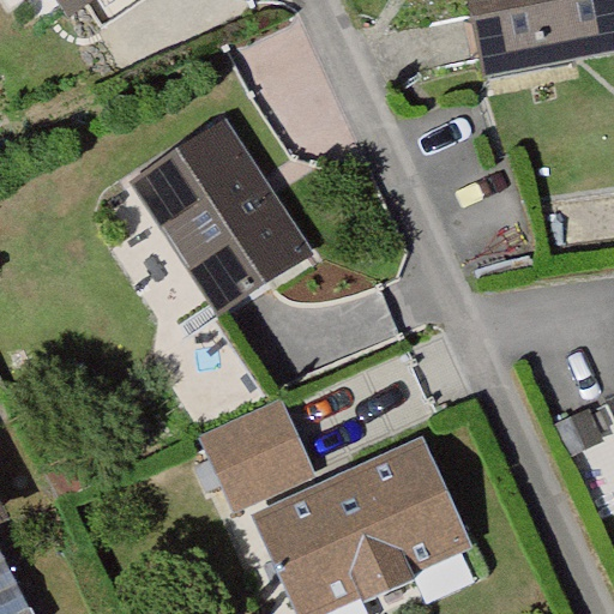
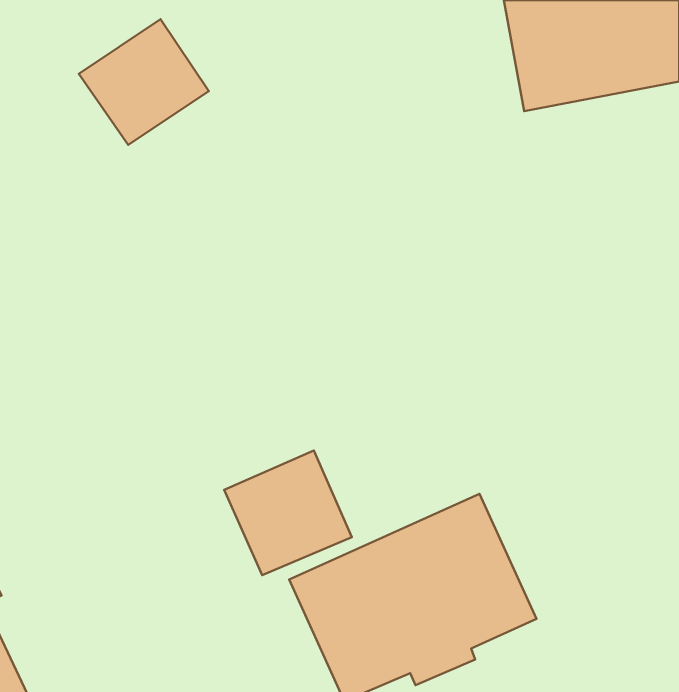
building: none -> [79,19,209,145]
building: [131,110,314,309] -> none

